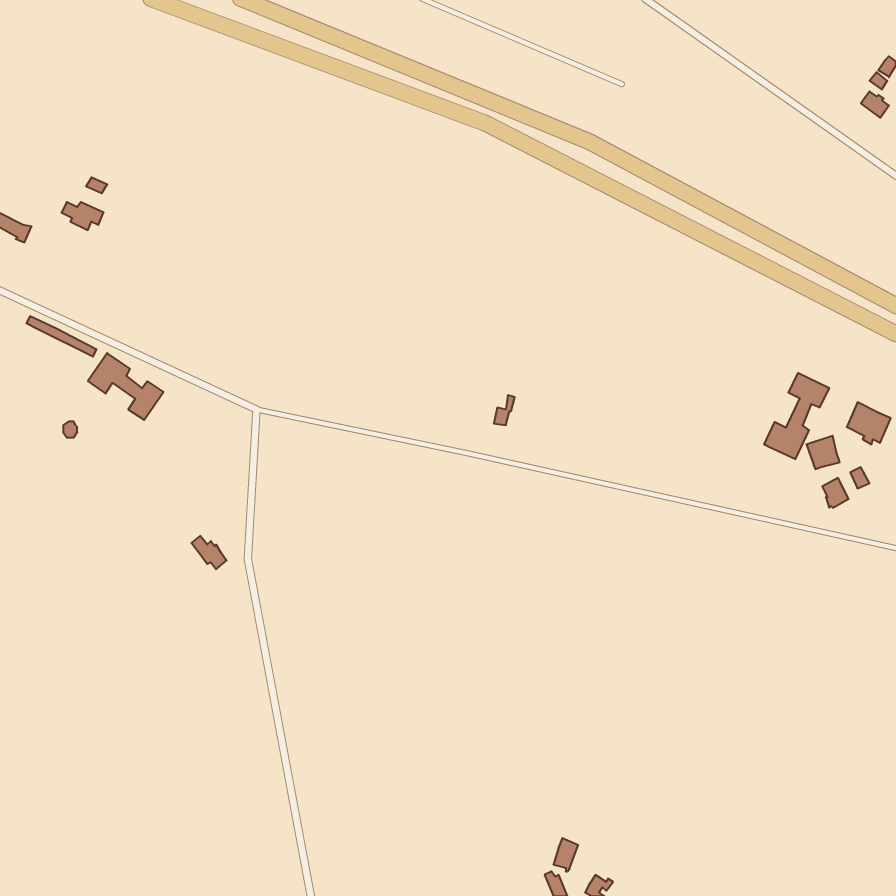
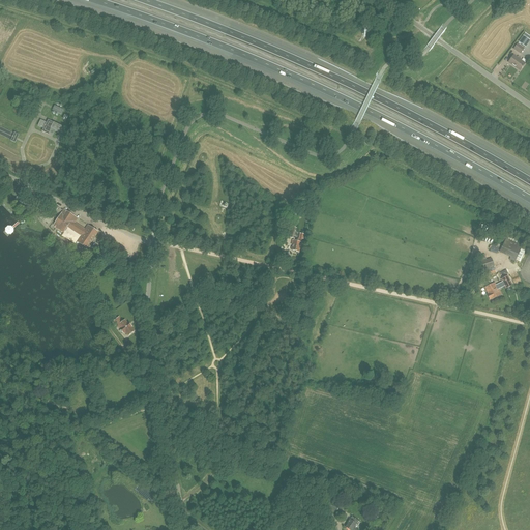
building: [764,373,829,459] -> none

